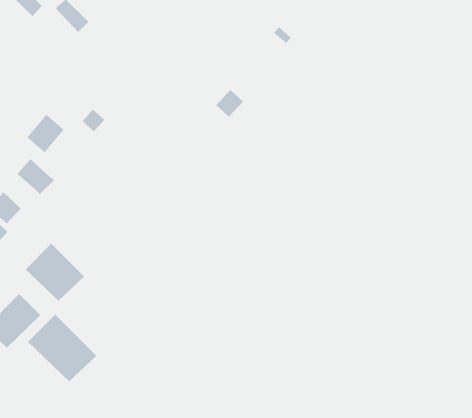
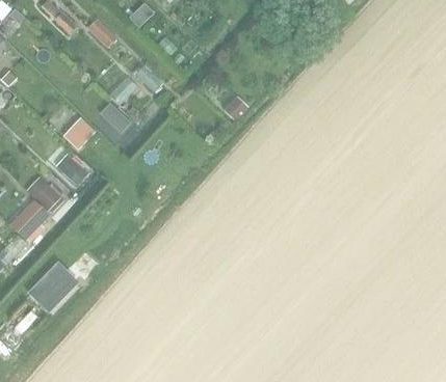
building: [25,243,85,302] -> none
building: [27,314,97,382] -> none

